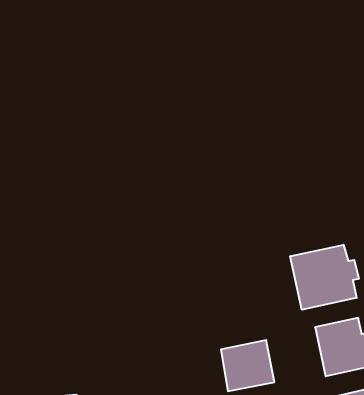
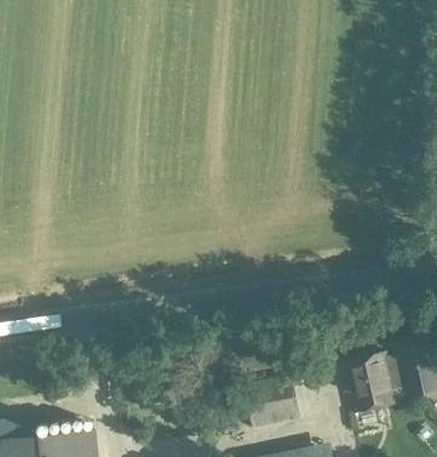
building: [290,245,359,310] -> none

